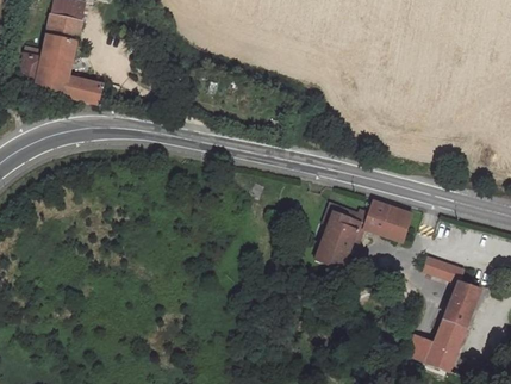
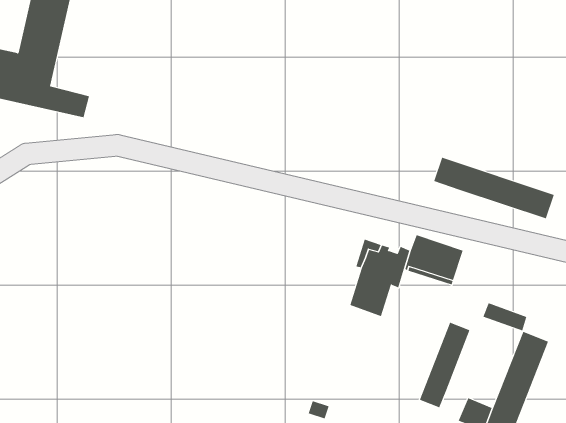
building: none -> [433,157,555,219]
building: none -> [419,322,470,408]

